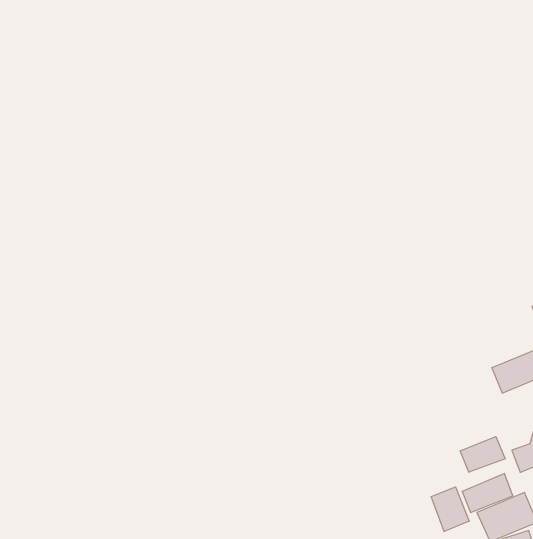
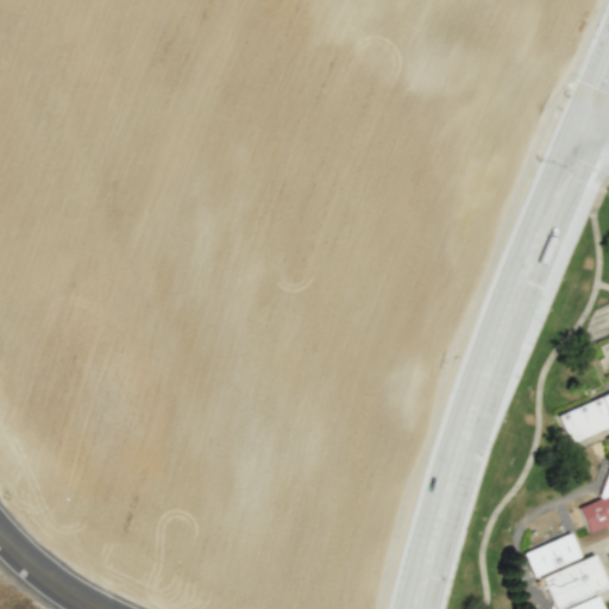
building: [460,437,505,472] -> none
building: [431,487,469,532] -> none

